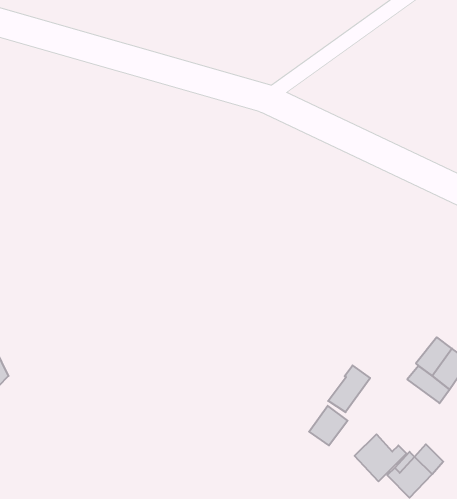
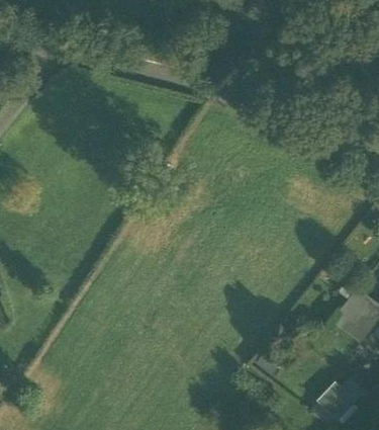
building: [328,365,370,412] -> none
building: [355,434,406,481] -> none

